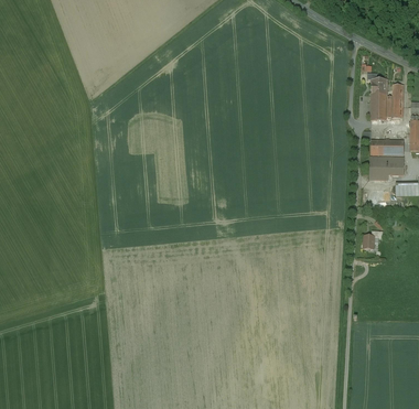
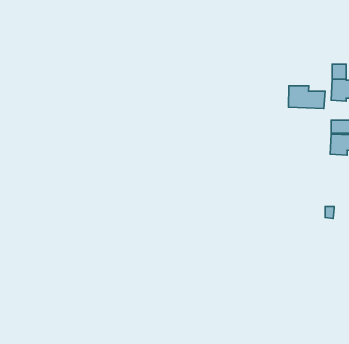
building: none -> [288,86,325,108]

